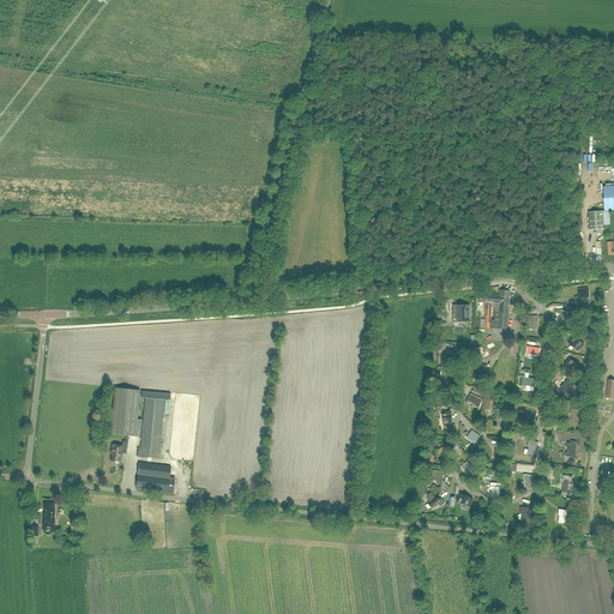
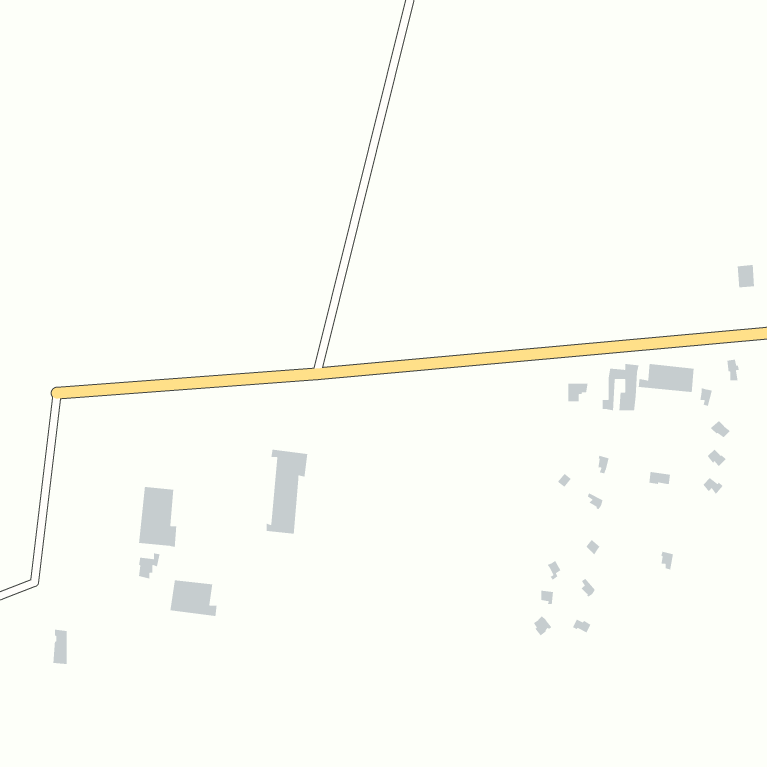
building: none -> [638,363,694,393]
building: [137,391,170,459] -> [266,449,308,535]

